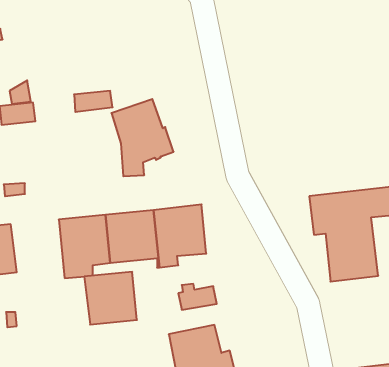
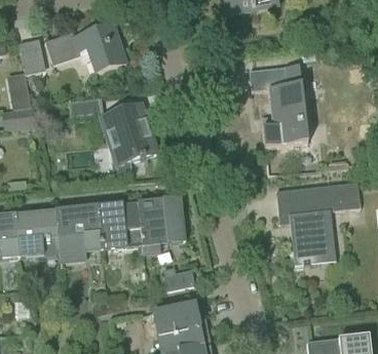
building: none -> [45,25,124,73]
building: none -> [20,40,42,74]
building: none -> [249,64,309,147]
building: [84,272,137,325] -> [13,210,60,257]

